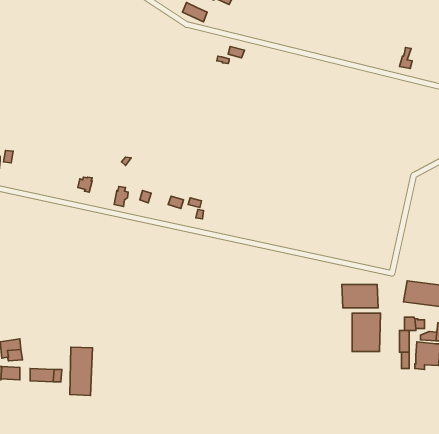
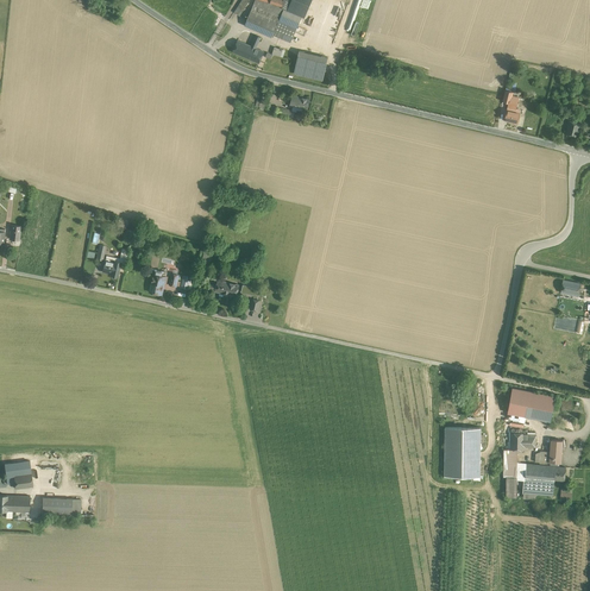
building: none -> [294,50,328,81]
building: [342,284,378,308] -> none
building: [70,347,92,395] -> none

